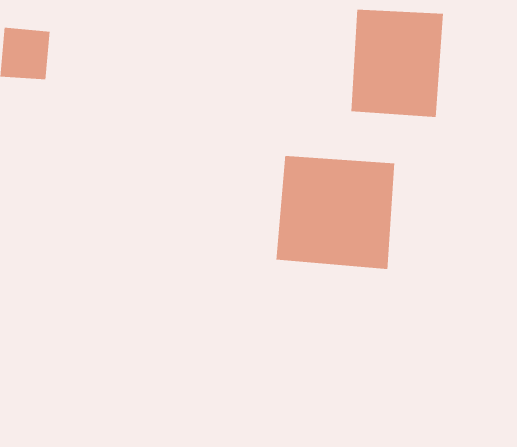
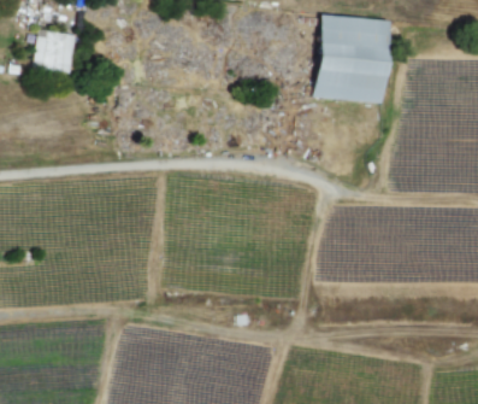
building: [276,155,395,270] -> none

